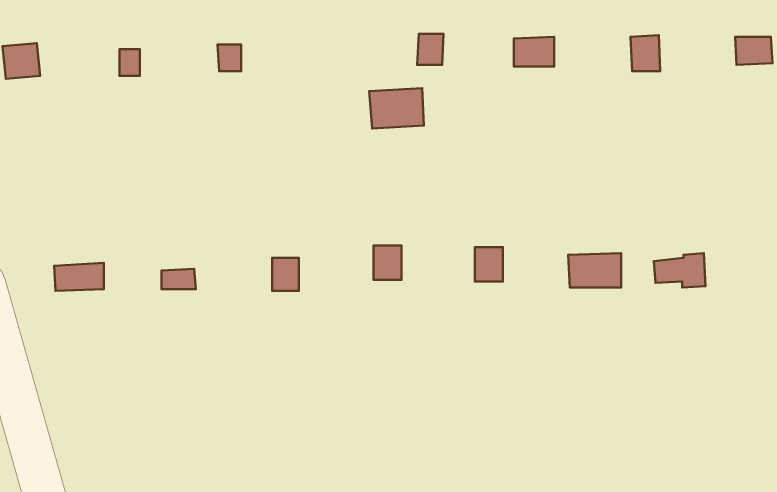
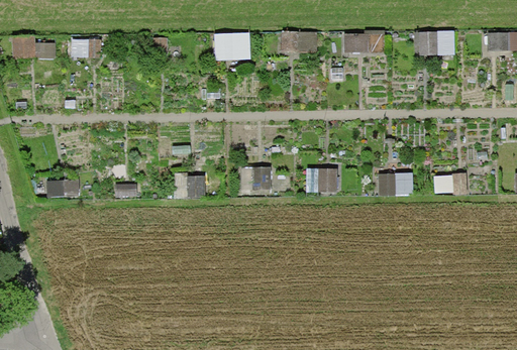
building: [369,88,424,129] -> [213,32,248,59]

